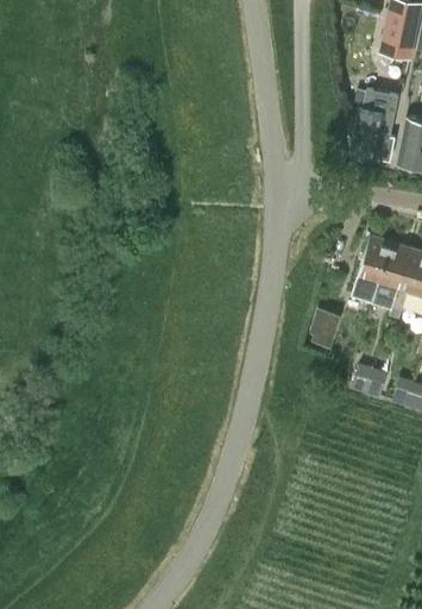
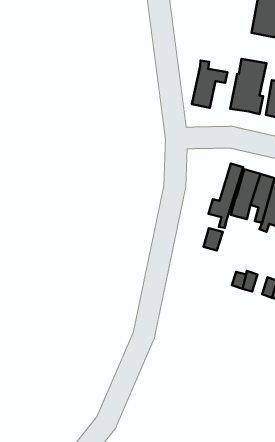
building: none -> [192,61,227,108]
building: none -> [208,164,243,228]

